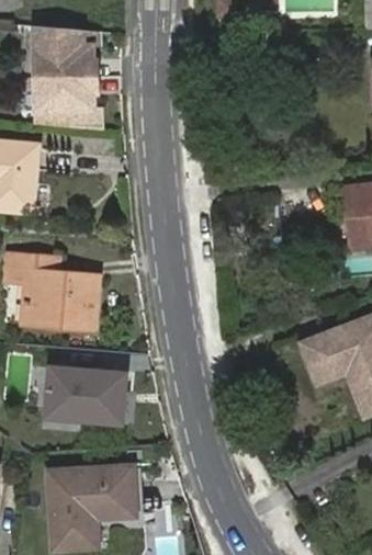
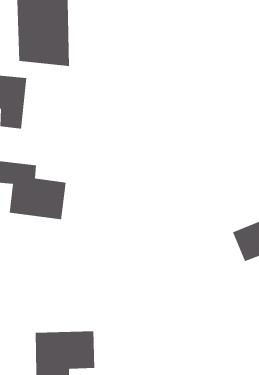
building: [46,366,126,424] -> none

